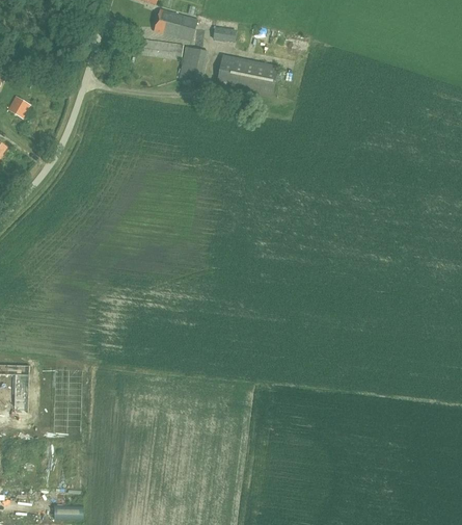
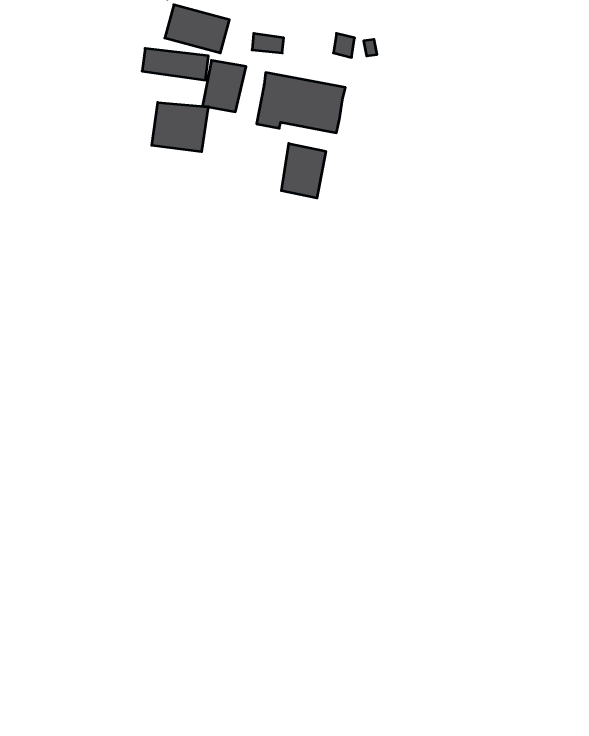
building: none -> [152,102,208,152]
building: none -> [281,143,326,198]

